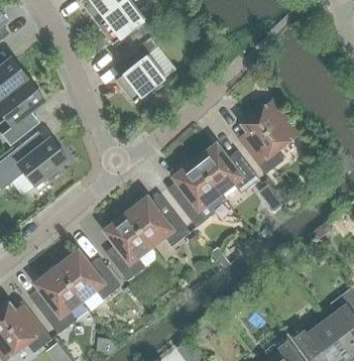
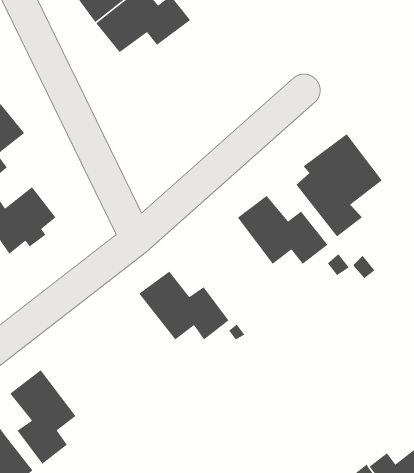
building: [115,36,166,102] -> none
building: [172,159,220,227] -> none
building: [104,213,151,280] -> none
building: [56,250,121,299] -> none

